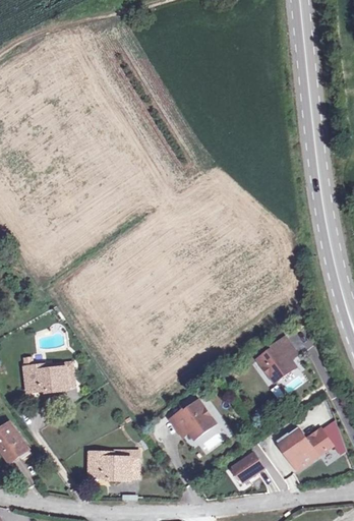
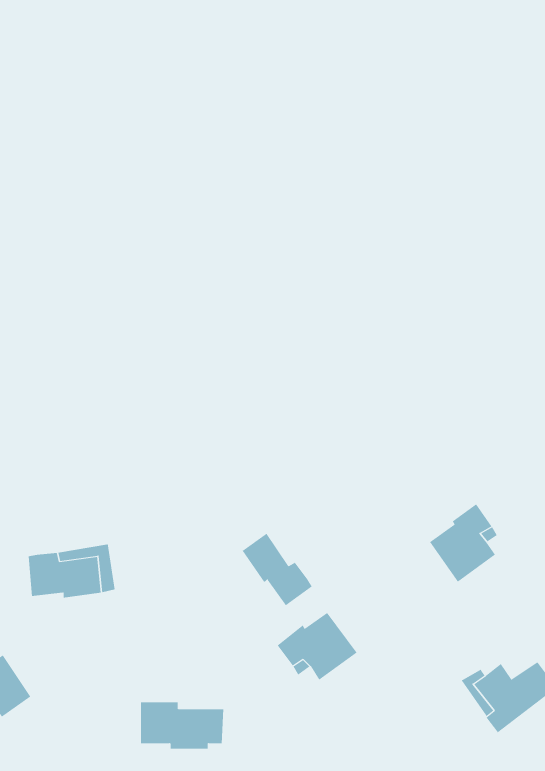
building: none -> [242,533,312,606]
building: [235,452,266,480] -> none

